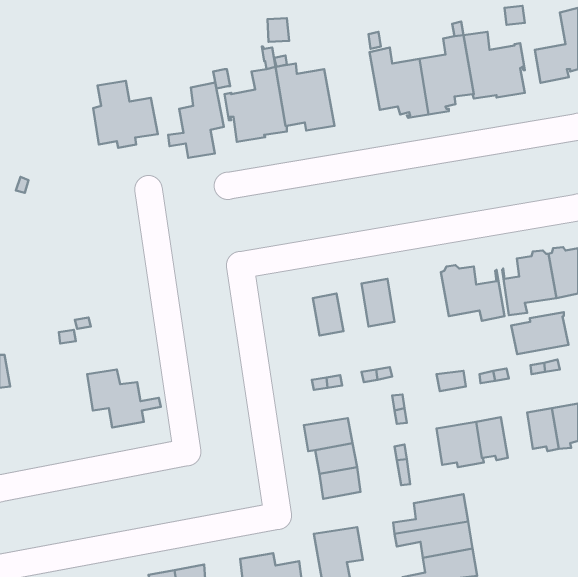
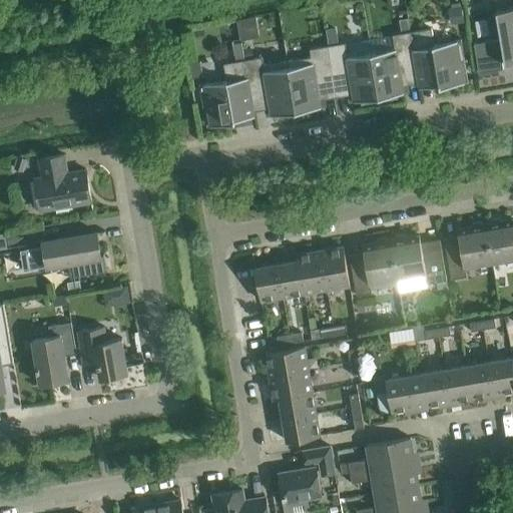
building: none -> [287,48,336,113]
building: [93,81,158,148] -> [34,156,91,215]
building: [168,83,224,158] -> none
building: none -> [20,233,106,279]
building: none -> [349,239,397,297]
building: none -> [297,252,326,295]
building: none -> [254,266,283,303]
building: [511,312,568,354] -> none
building: none -> [32,324,75,386]
building: none -> [265,348,308,378]
building: none -> [443,367,471,407]
building: none -> [303,448,335,478]

